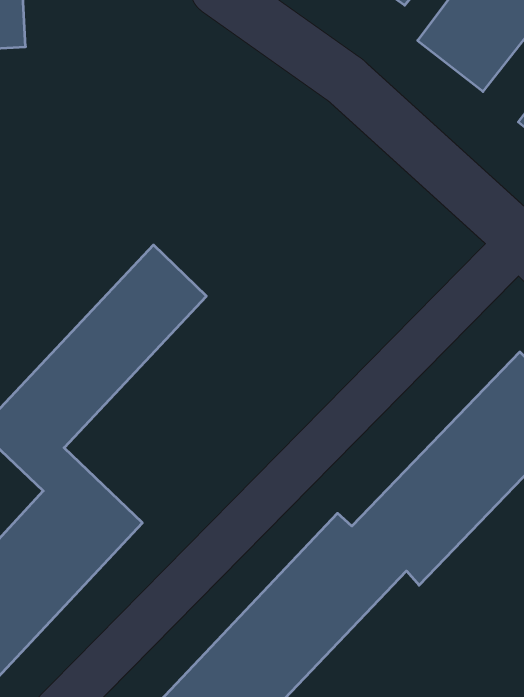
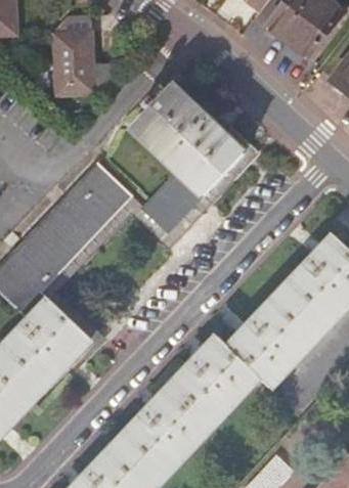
building: none -> [54,16,108,93]
building: none -> [129,82,242,230]

